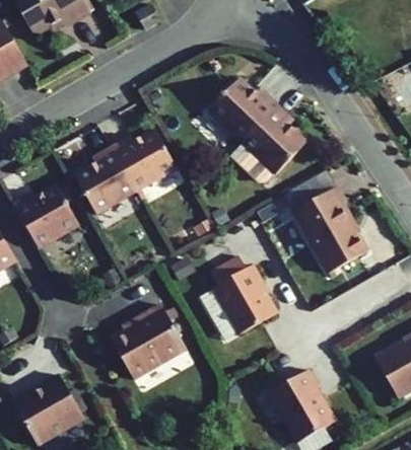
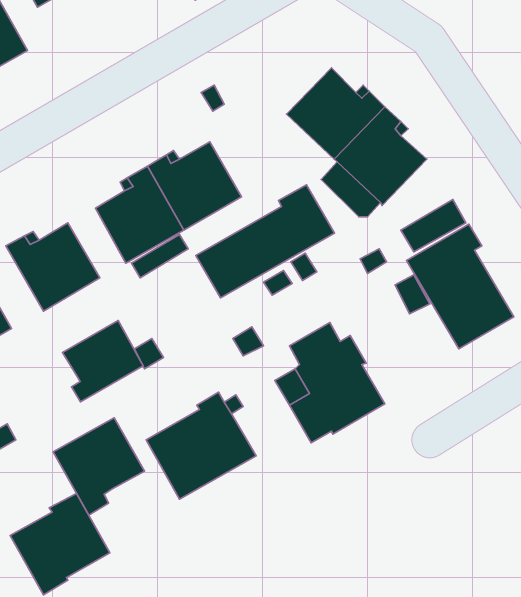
building: none -> [196,185,334,298]
building: none -> [63,320,143,402]
building: none -> [53,418,144,515]
building: [268,369,335,443] -> none

